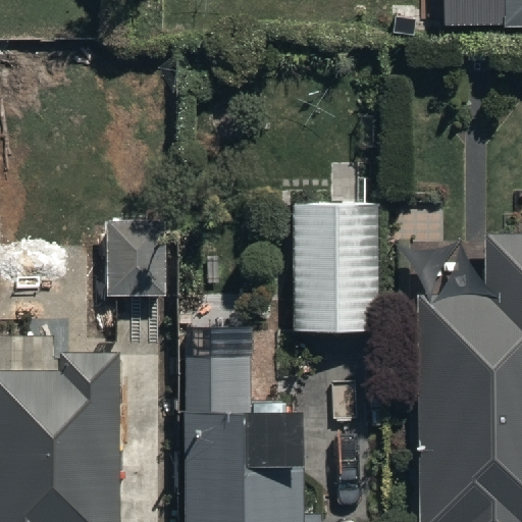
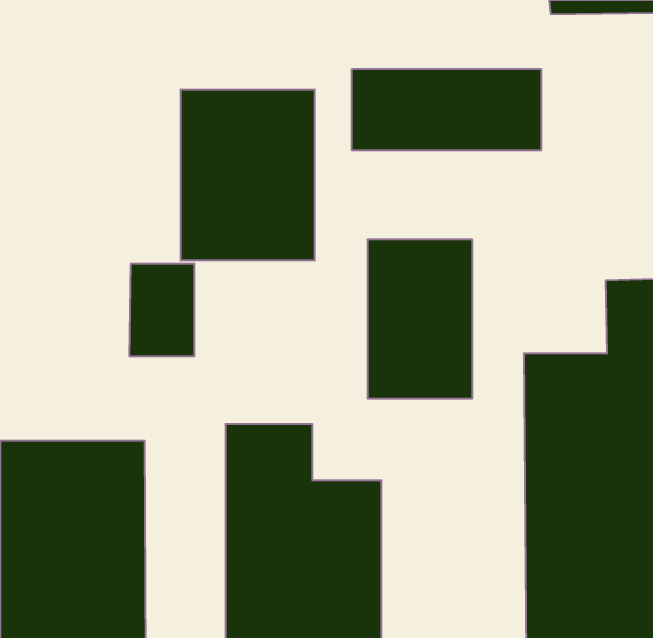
building: none -> [352,69,541,150]
building: none -> [181,89,315,261]

